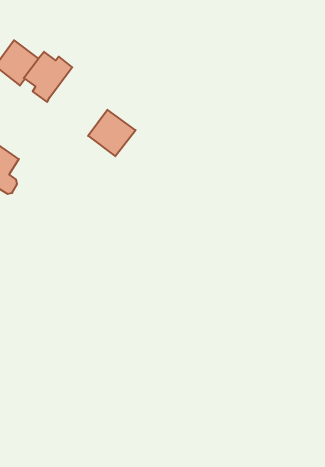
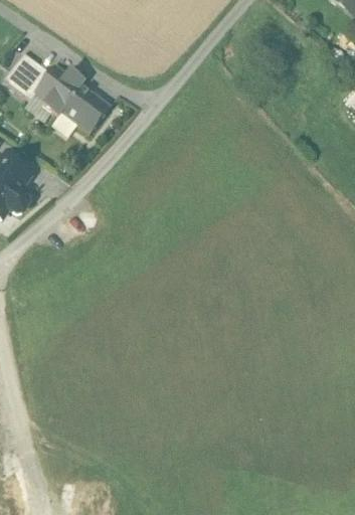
building: [88,110,136,156] -> [61,84,111,133]

